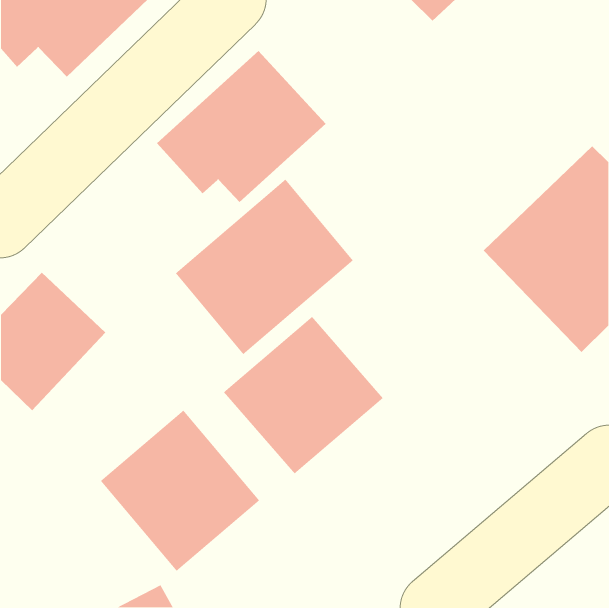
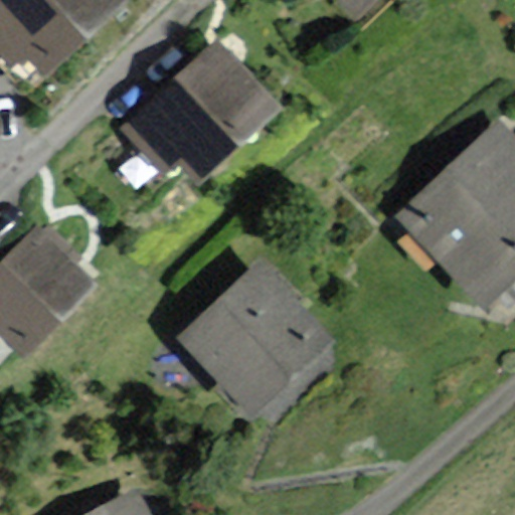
building: [175,179,354,355] -> none
building: [100,409,260,572] -> none

